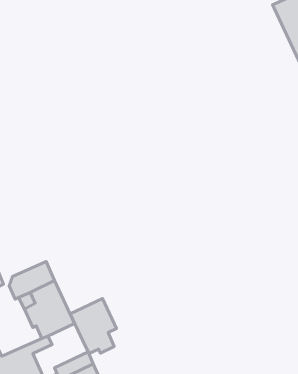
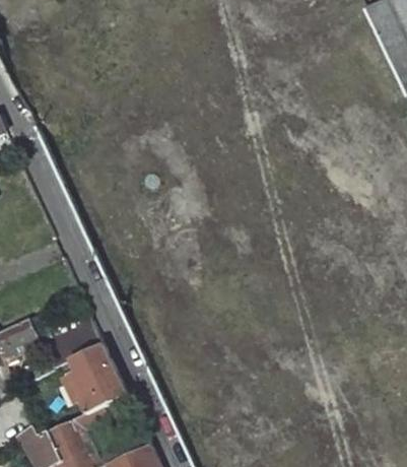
building: [70,298,116,354] -> none

